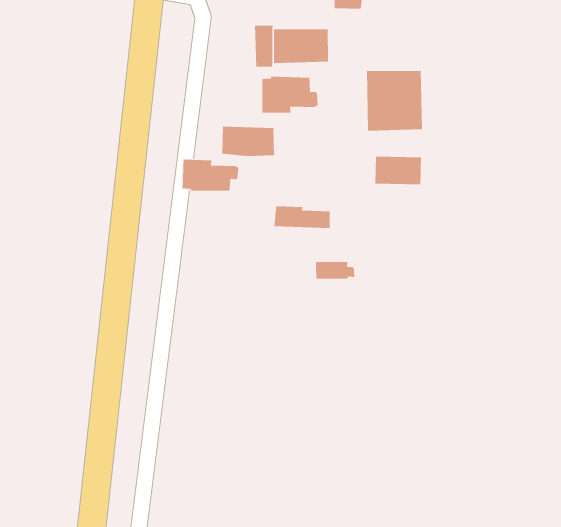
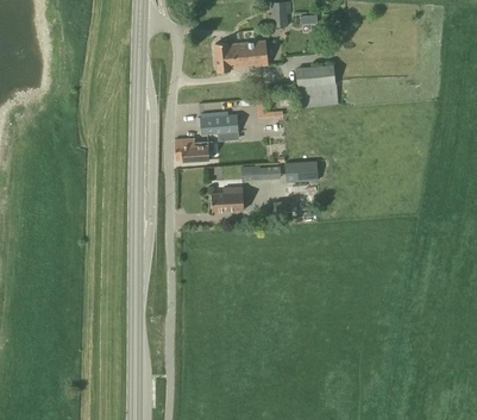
building: [262,76,318,113] -> none
building: [374,156,422,185] -> [285,161,319,182]
building: none -> [212,186,244,211]

